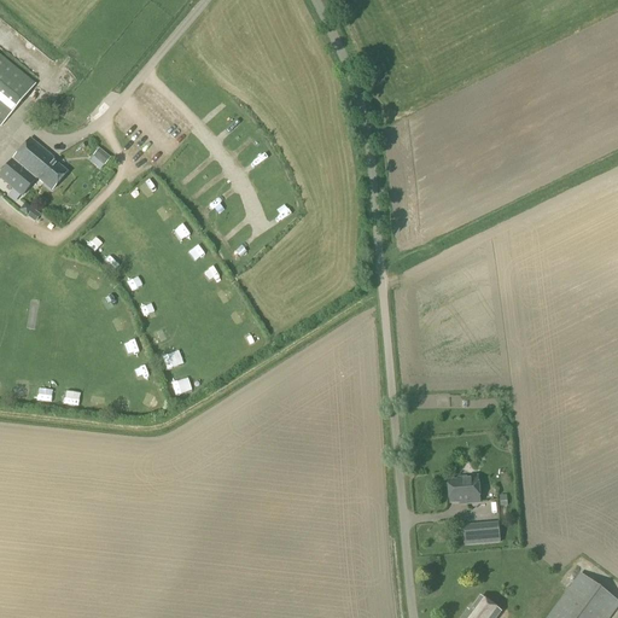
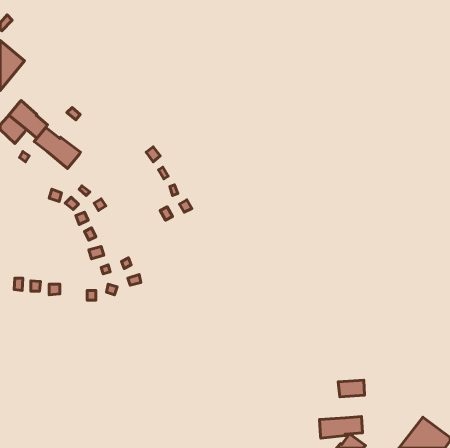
building: none -> [34,127,81,168]
building: [448,476,479,502] -> none
building: none -> [320,417,362,438]

